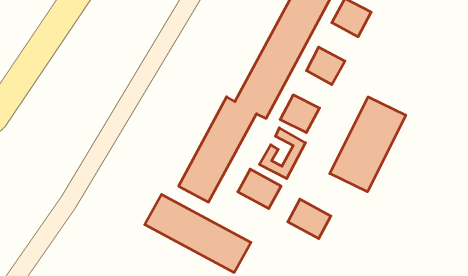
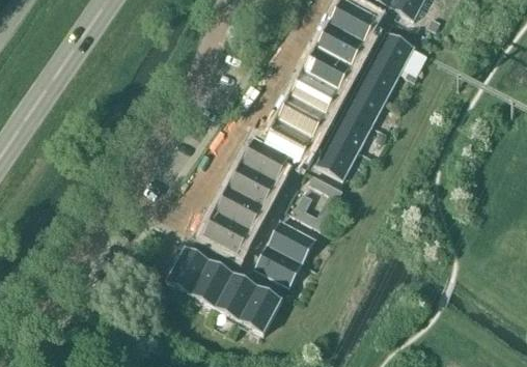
building: none -> [357,56,400,98]
building: none -> [329,109,371,150]
building: [330,97,406,192] -> none
building: [288,199,331,239] -> [254,243,302,286]

